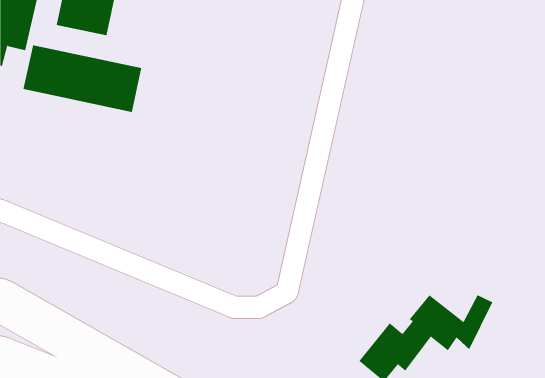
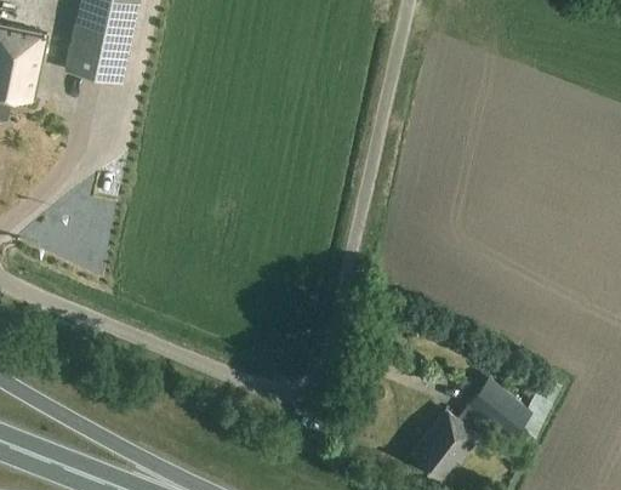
building: [23,44,142,113] -> none

